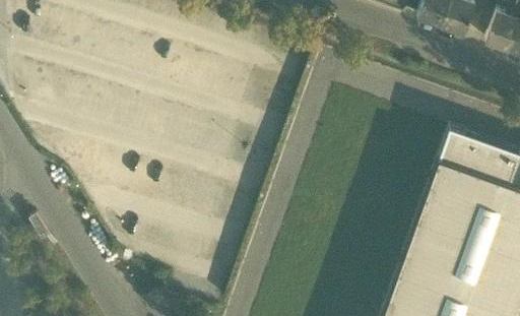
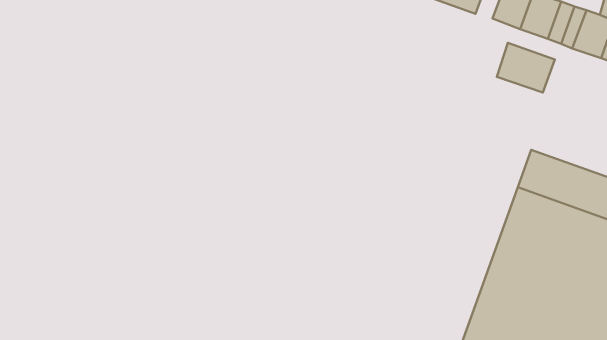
building: none -> [497,43,555,93]

